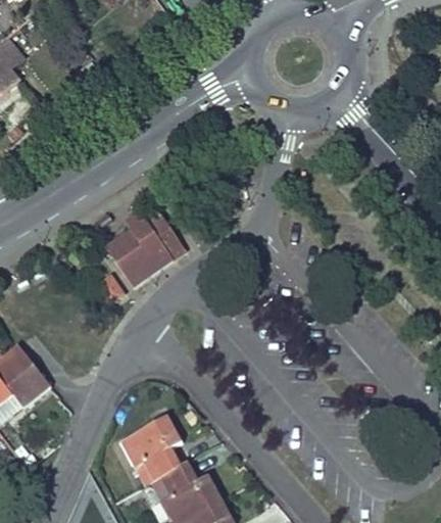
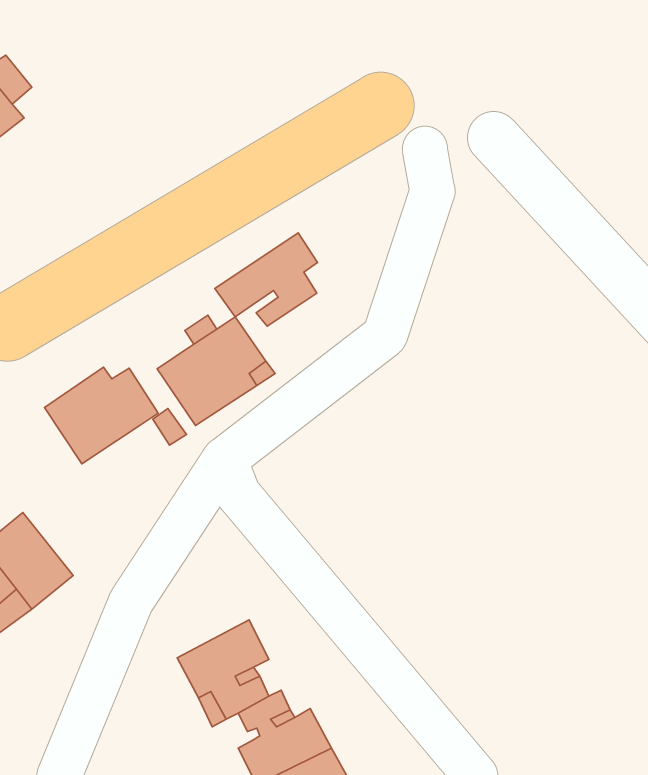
building: none -> [215,233,318,326]
building: none -> [45,367,158,464]

